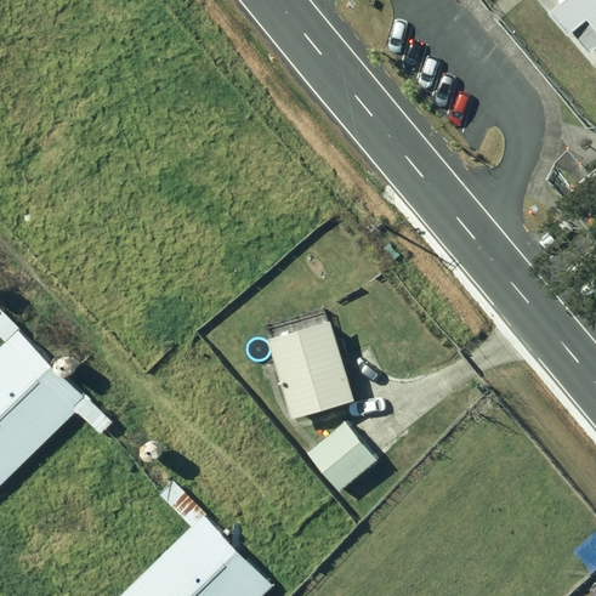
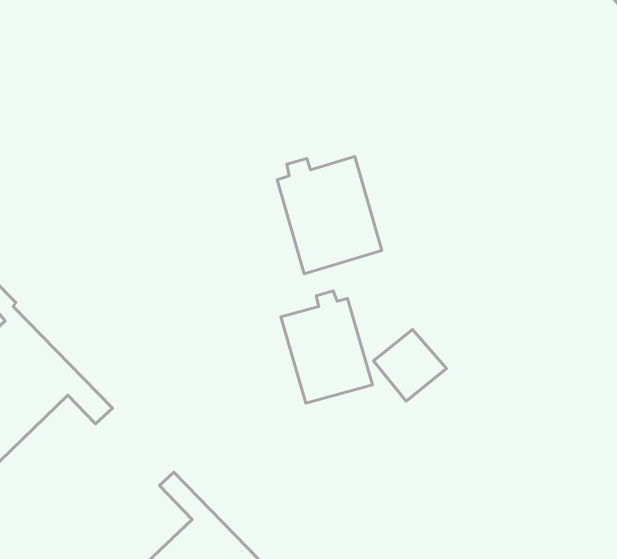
building: none -> [277,157,382,274]
building: [312,422,380,489] -> [373,329,447,401]

